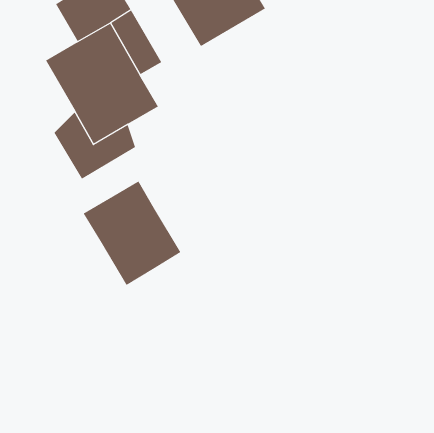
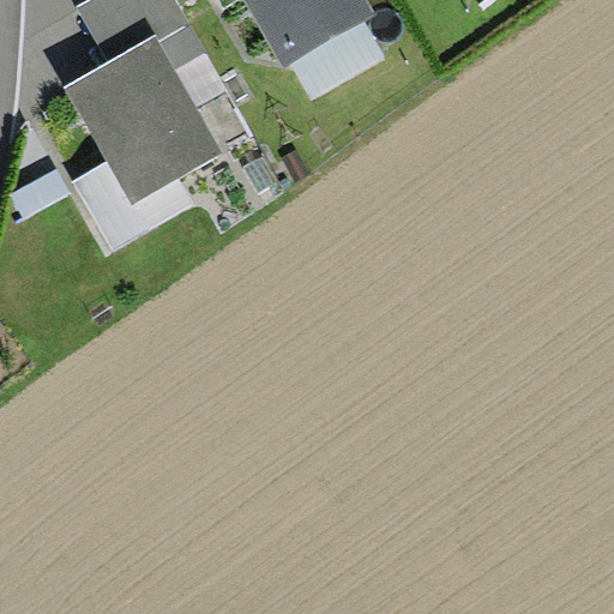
building: [83,181,181,286] -> none

